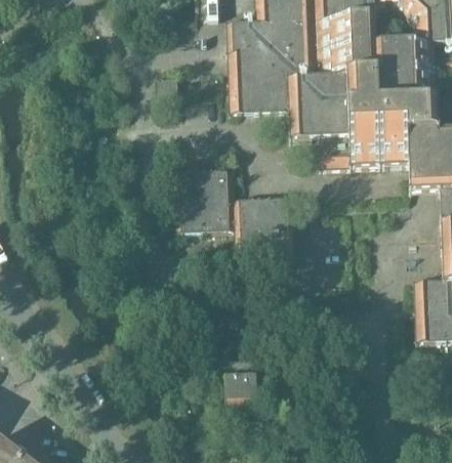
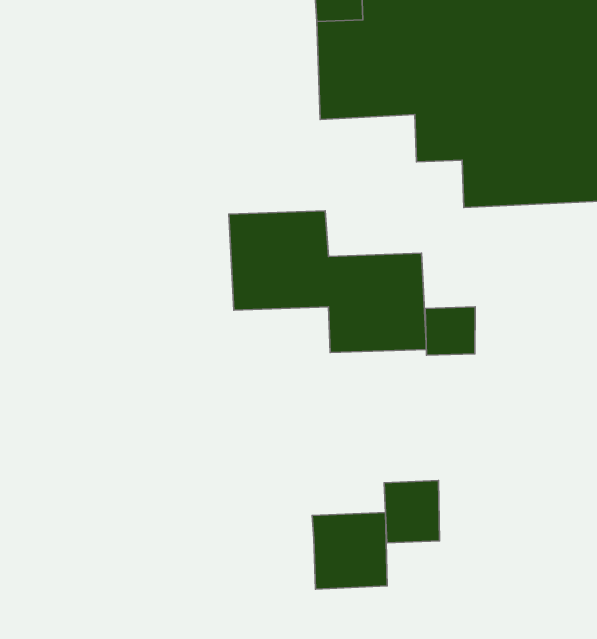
building: none -> [425,307,475,355]
building: none -> [384,480,439,543]

